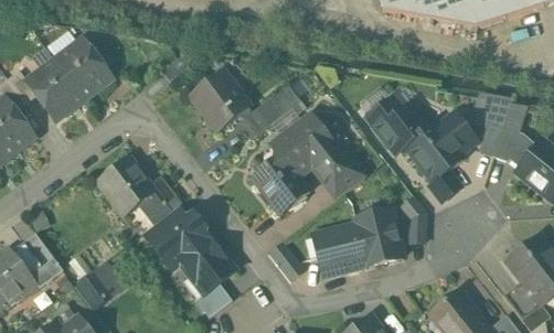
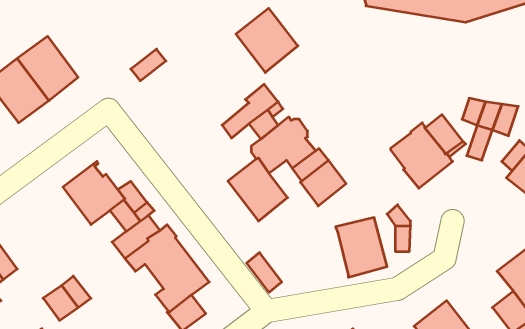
building: [191,69,249,130] -> [236,8,298,73]
building: [367,96,425,150] -> none
building: [492,126,528,160] -> none
building: [313,223,366,273] -> none

